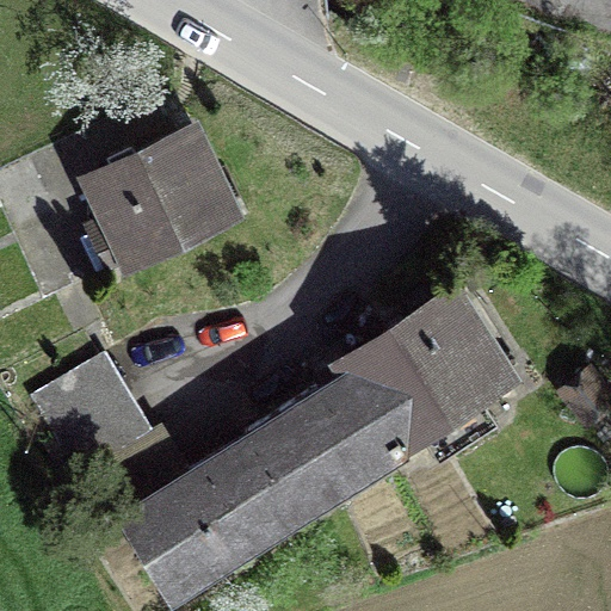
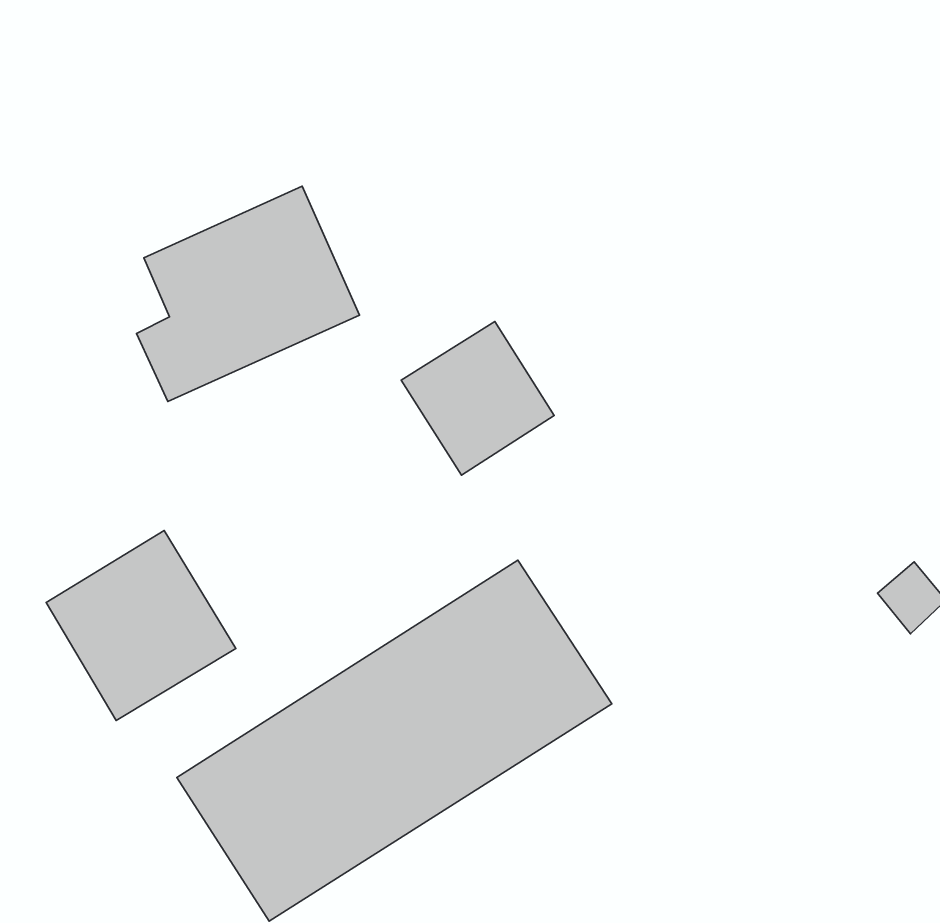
building: none -> [401,321,554,475]
building: [328,278,523,468] -> none

